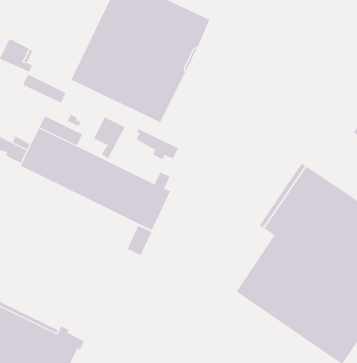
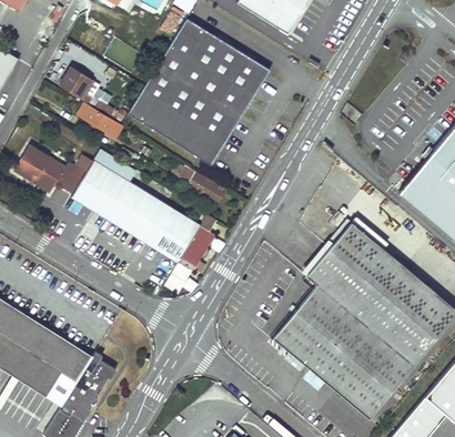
building: [94,117,126,159] -> none

